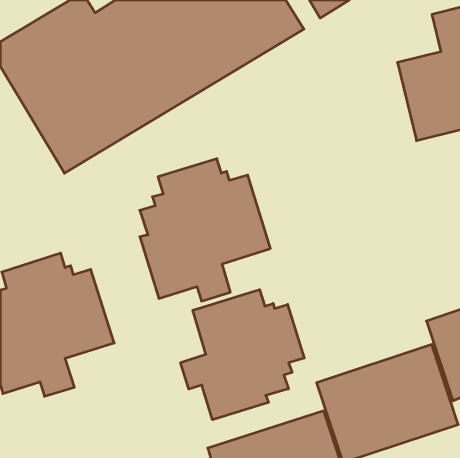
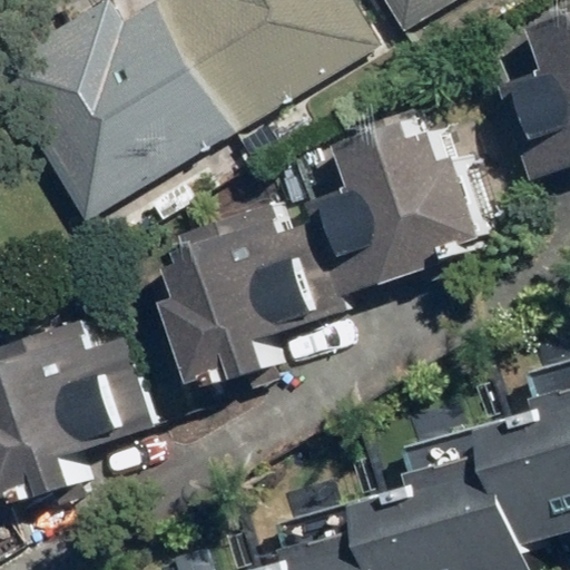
building: none -> [306,122,488,294]
building: [181,290,304,420] -> none

